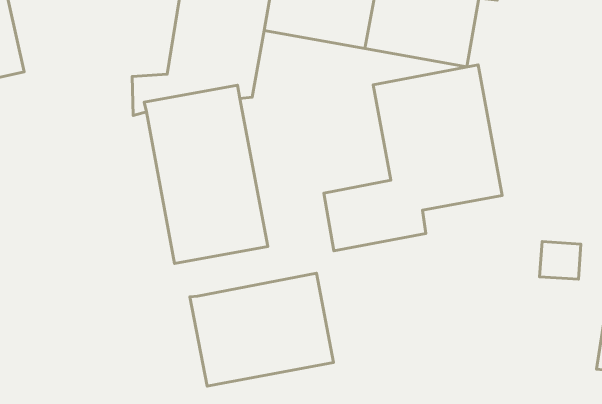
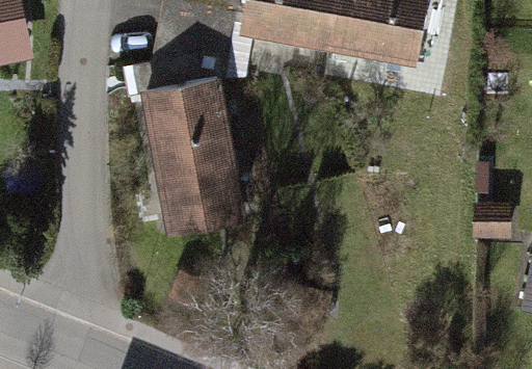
building: [324,65,502,251] -> none
building: [190,273,334,386] -> none

